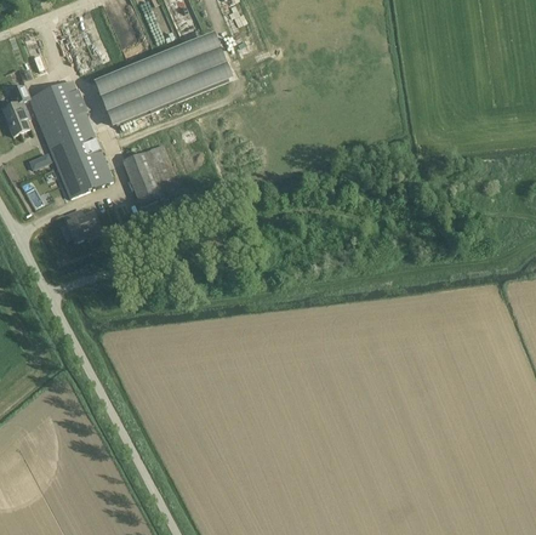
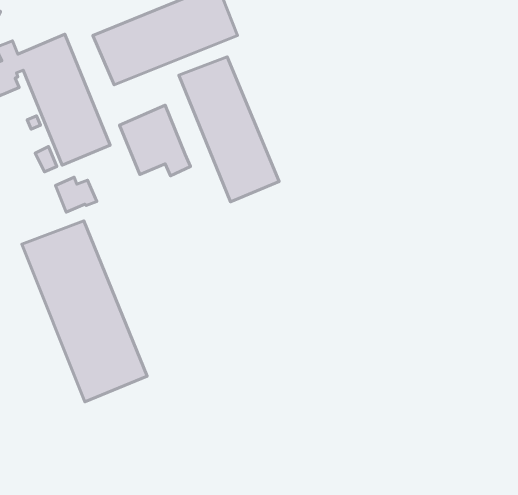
building: none -> [179,57,279,202]
building: none -> [22,221,147,402]

